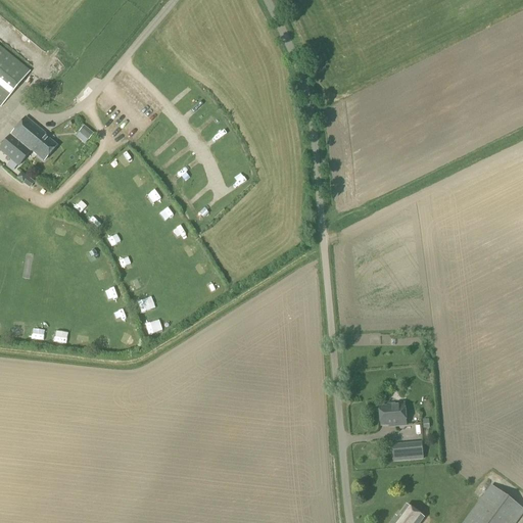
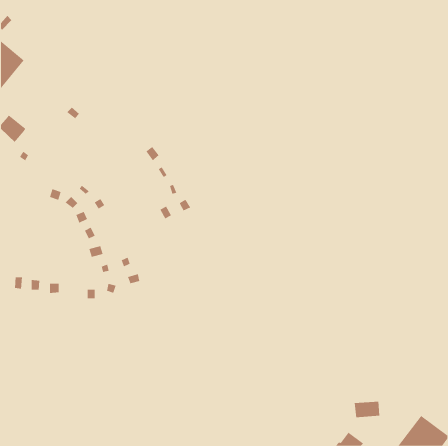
building: [10,116,55,160] -> none
building: [379,402,406,425] -> none
building: [392,441,423,461] -> [354,401,380,418]

